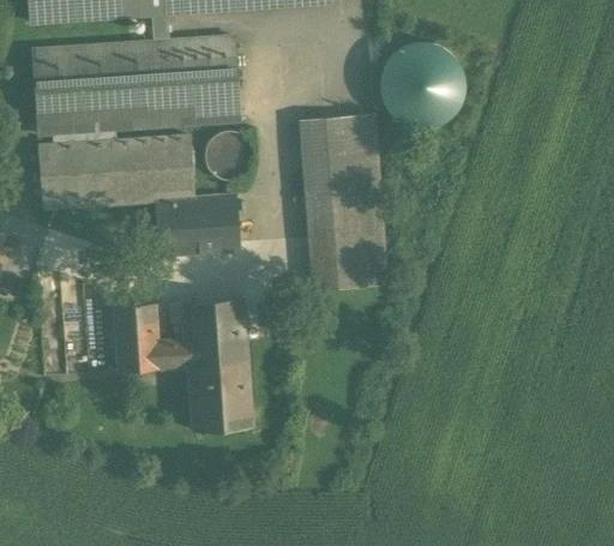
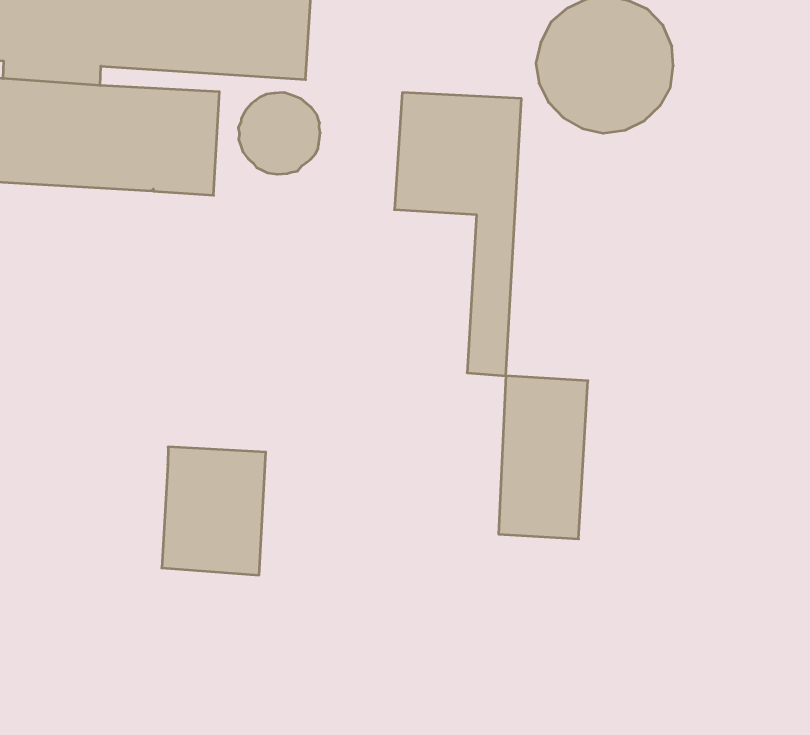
building: [305,188,362,289] -> [499,376,588,539]
building: [155,196,240,257] -> none
building: [114,298,246,371] -> none

